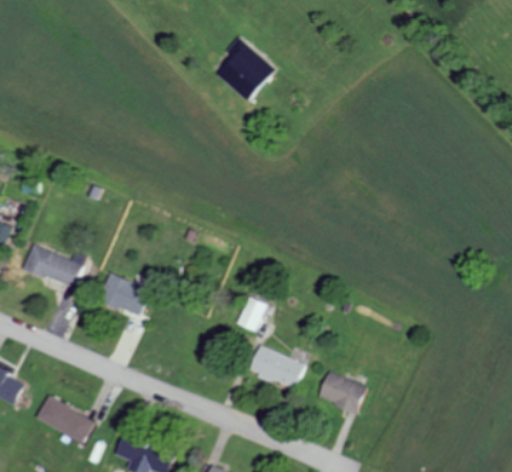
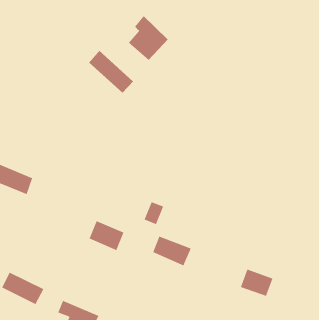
building: none -> [88,50,134,94]
building: [99,272,150,316] -> [88,220,125,251]
building: [320,372,367,411] -> [240,269,273,297]

